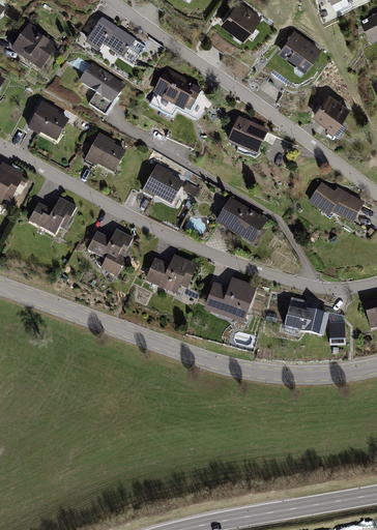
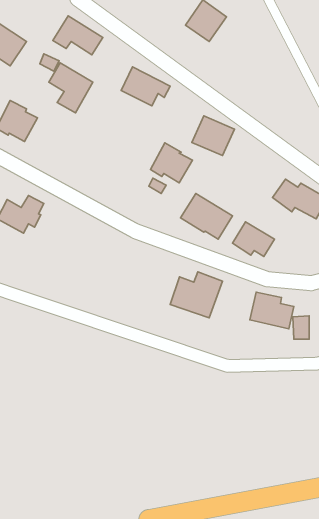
building: [277,30,321,72] -> none
building: [312,93,348,132] -> none
building: [84,135,126,175] -> none
building: [142,164,184,204] -> [151,143,193,183]
building: none -> [232,222,275,257]
building: [86,230,133,279] -> none
building: [145,254,198,294] -> none

